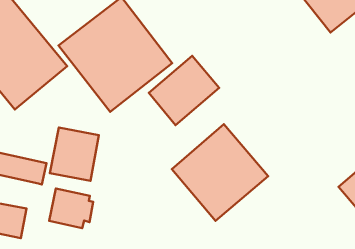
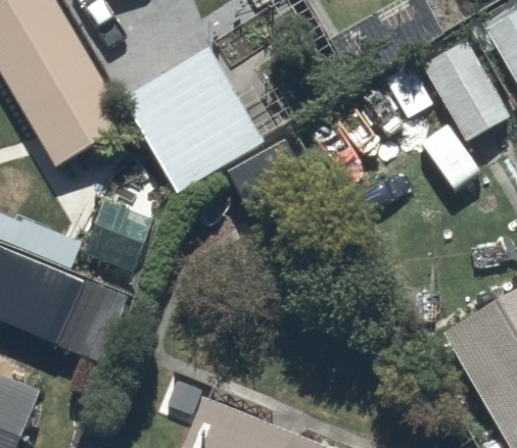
building: [172,124,268,221] -> none

